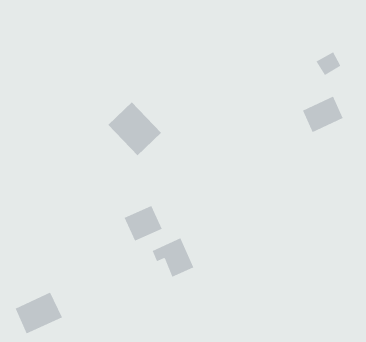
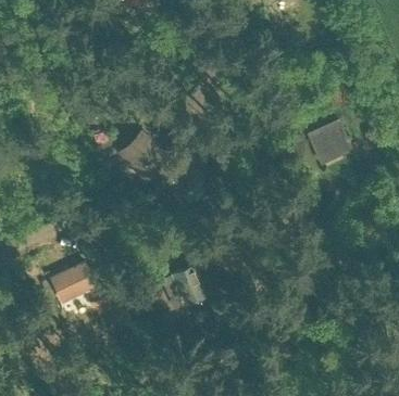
building: [124,205,162,241] -> none
building: [15,292,63,334] -> [48,261,95,303]

